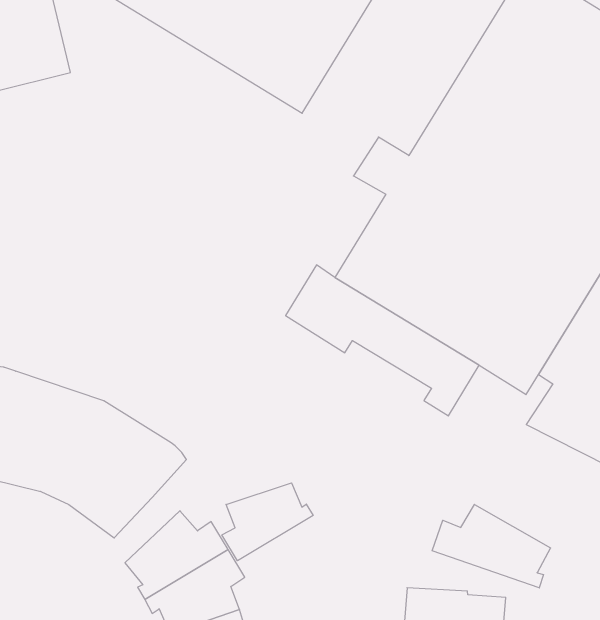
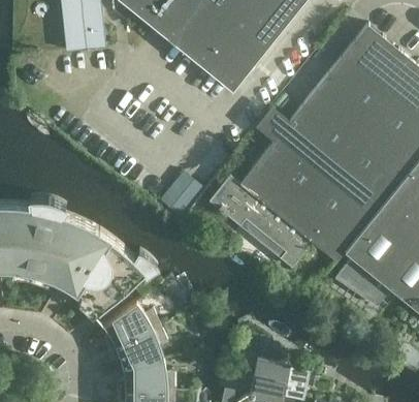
building: none -> [164,171,202,209]
building: [222,483,313,561] -> none
building: [432,504,551,588] -> none

